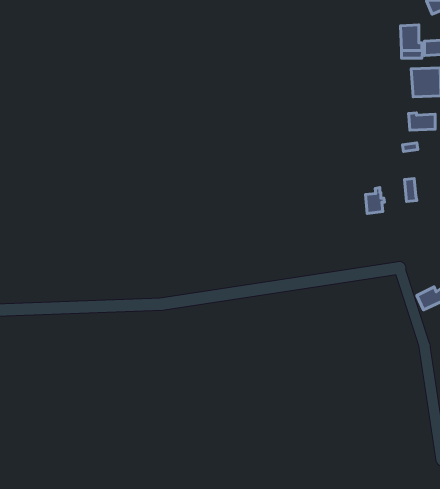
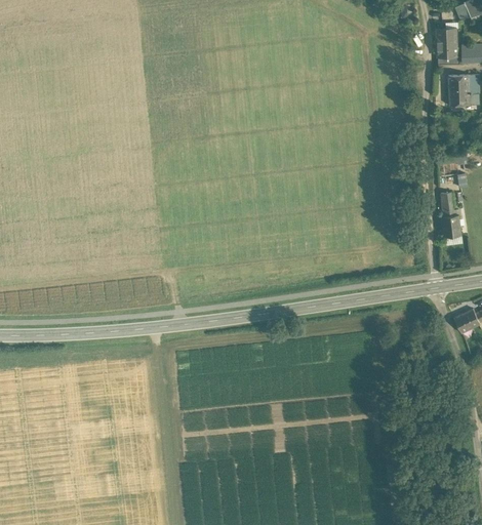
building: [409,113,435,130] -> none
building: [365,188,385,214] -> [442,209,463,237]

